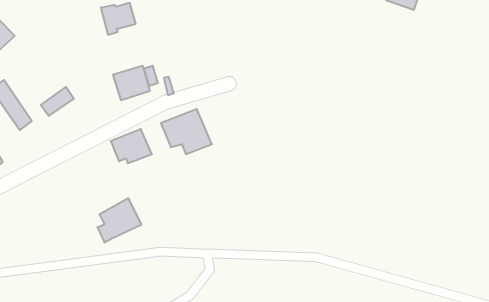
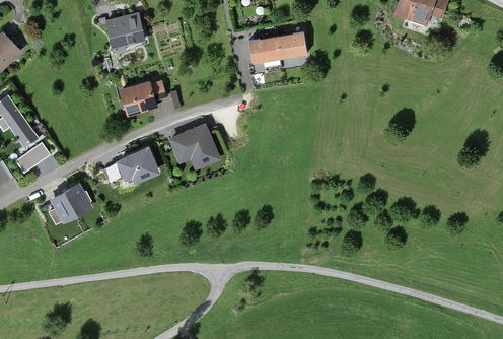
building: none -> [247,32,306,64]
building: [41,87,74,116] -> [17,142,51,172]
building: [97,198,141,242] -> [48,182,92,226]

